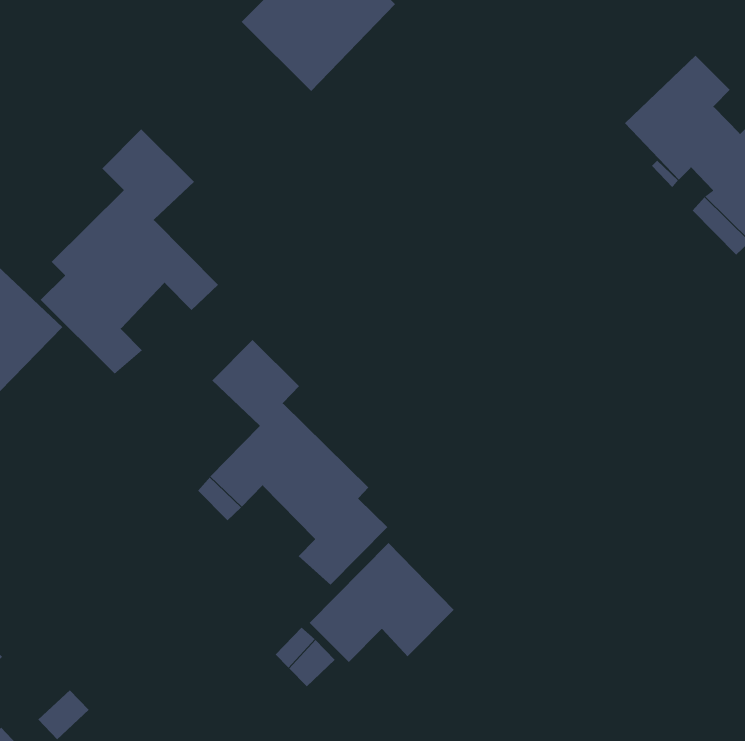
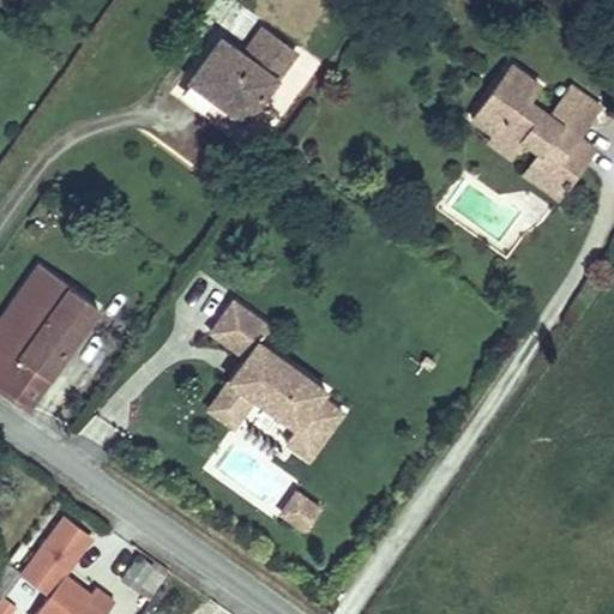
building: [40,129,219,375] -> none
building: [309,542,454,663] -> none

